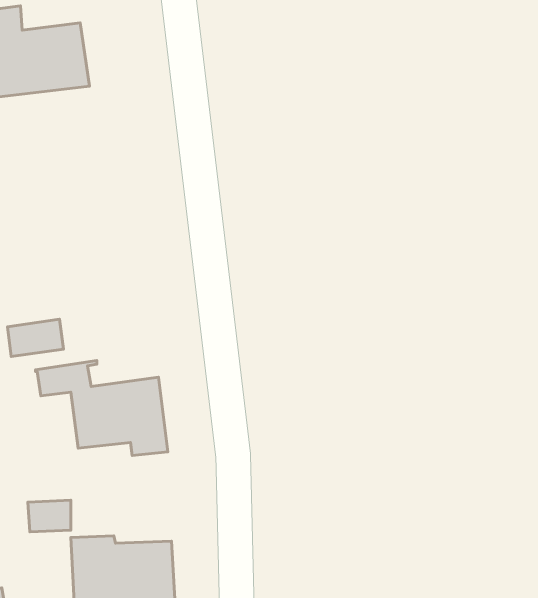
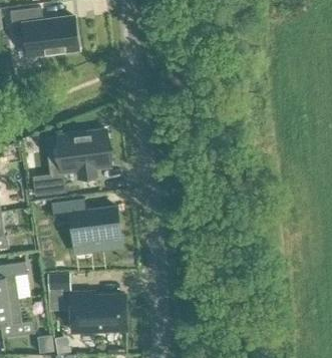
building: none -> [57,131,109,180]

